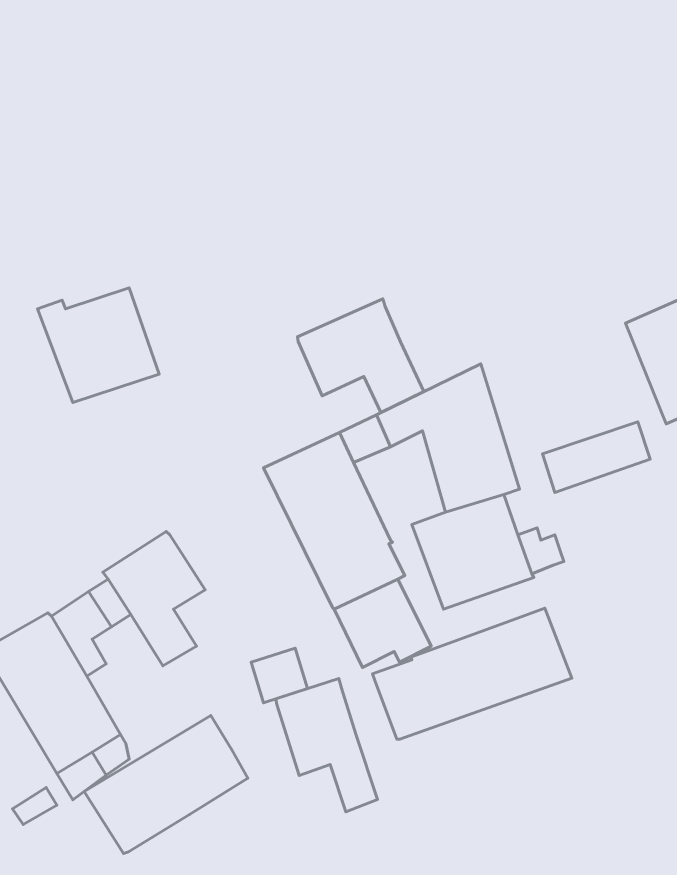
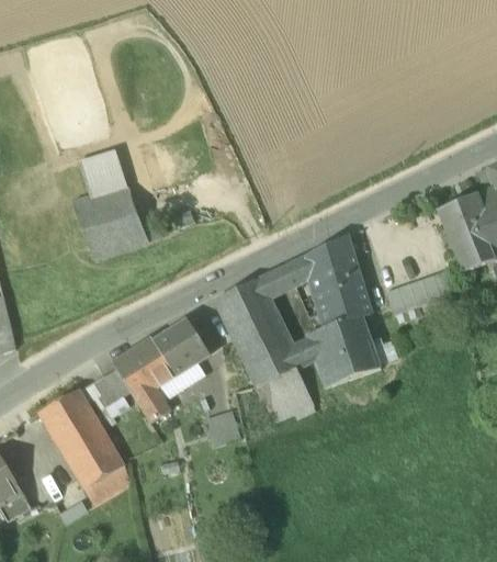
building: none -> [78,153,129,200]
building: [298,299,424,413] -> none
building: none -> [155,318,210,374]
building: [372,608,572,739] -> none
building: [276,679,378,812] -> none
building: [84,715,248,853] -> none

